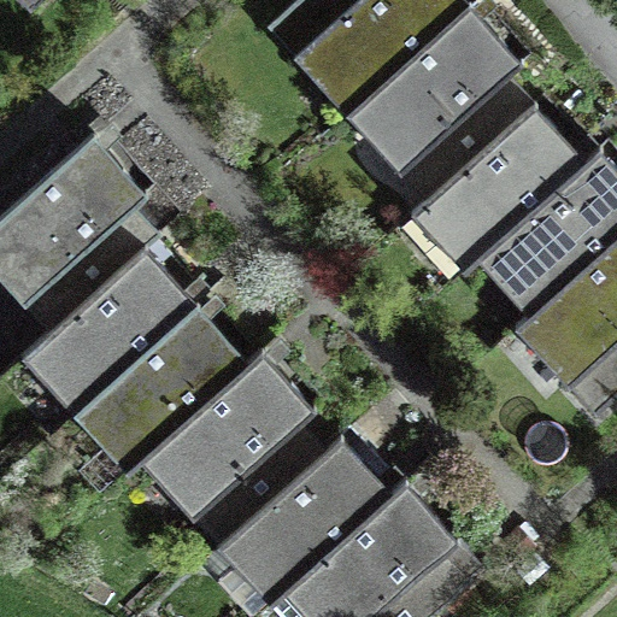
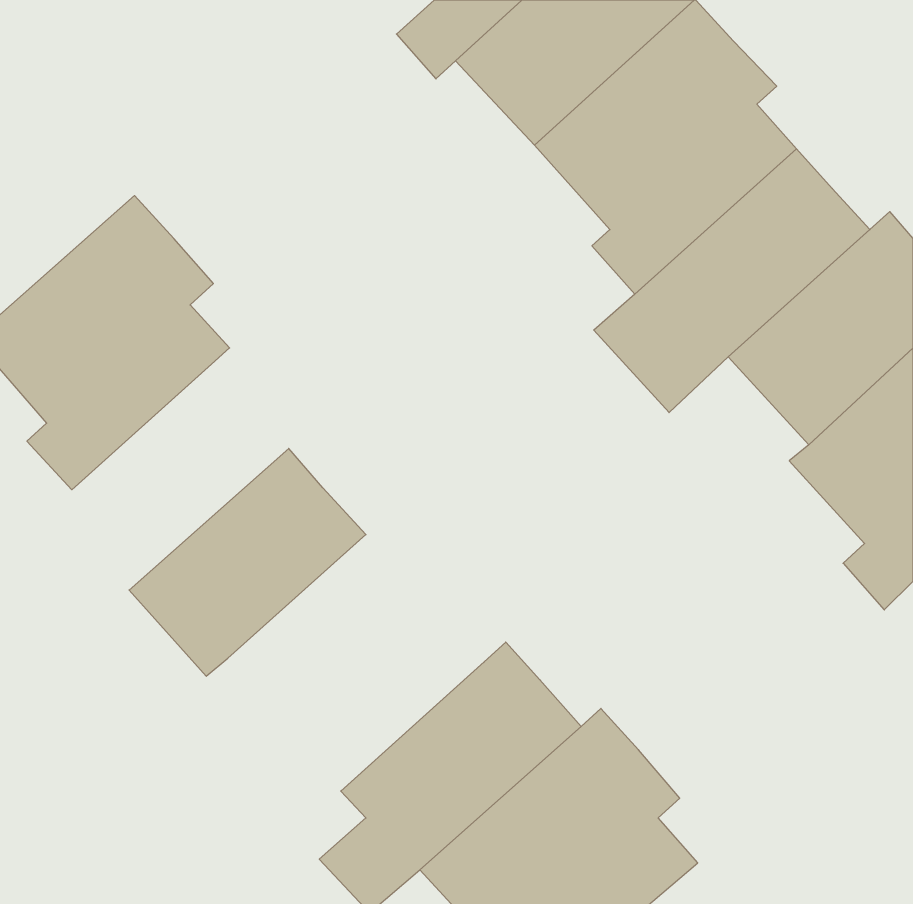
building: [36,253,194,405] -> none
building: [153,355,325,550] -> none

